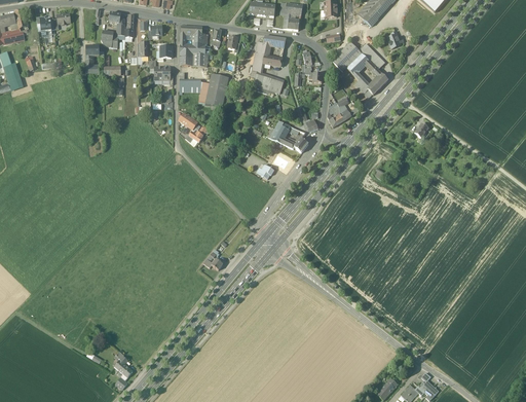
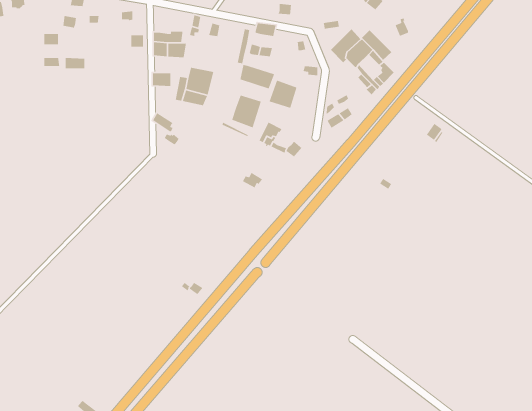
building: none -> [268,80,297,109]
building: none -> [231,95,262,129]

